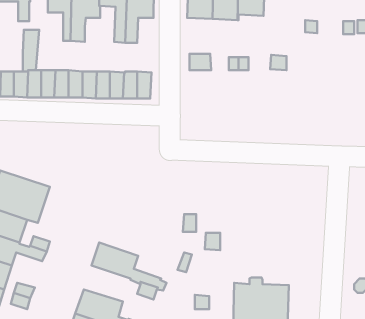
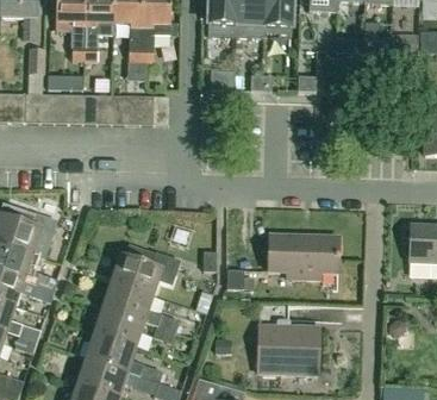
building: none -> [268,233,338,277]
building: none -> [111,252,179,294]
building: none -> [94,305,145,344]

